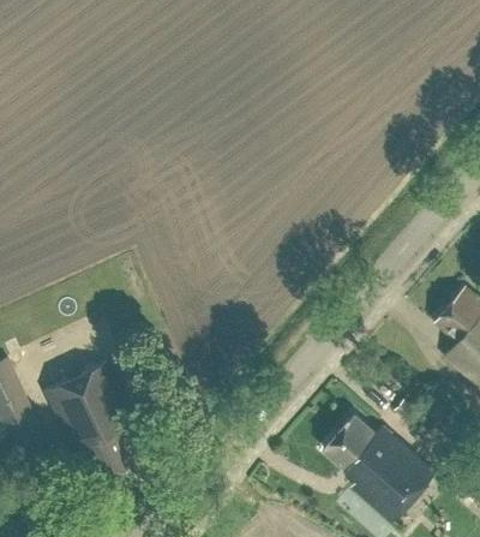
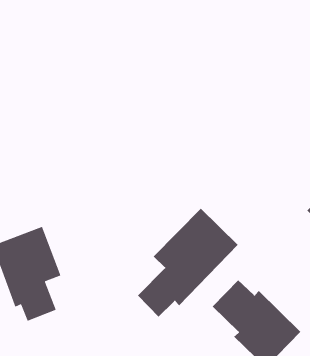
building: none -> [137,208,238,317]

